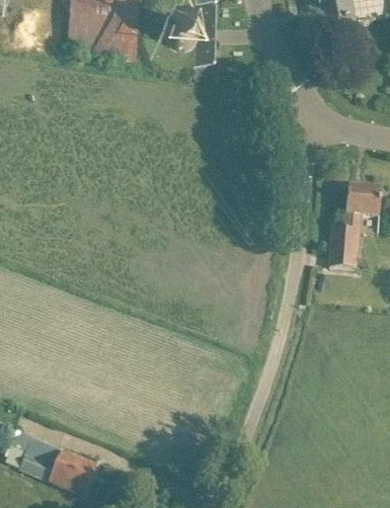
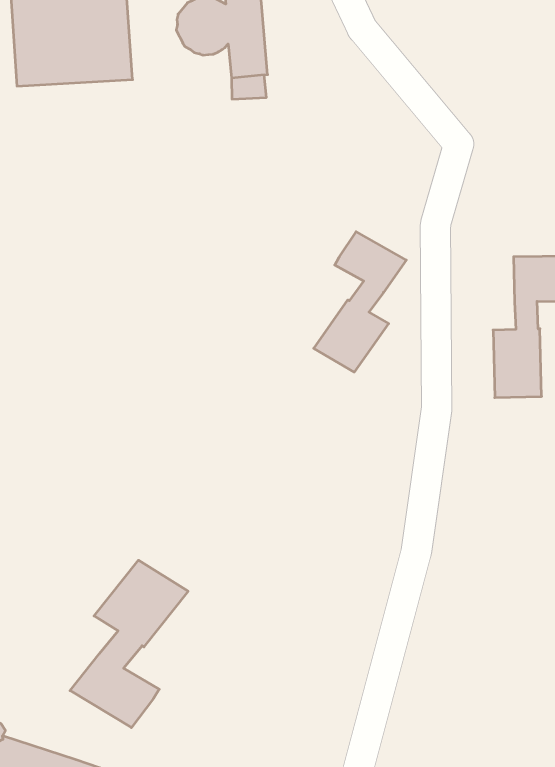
building: none -> [314,232,406,372]
building: none -> [70,560,188,728]

